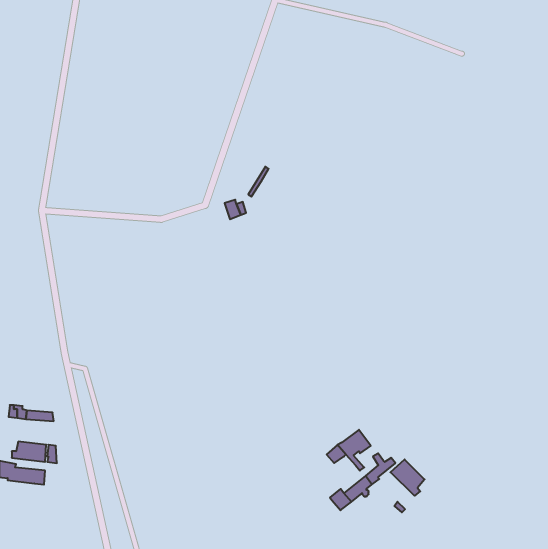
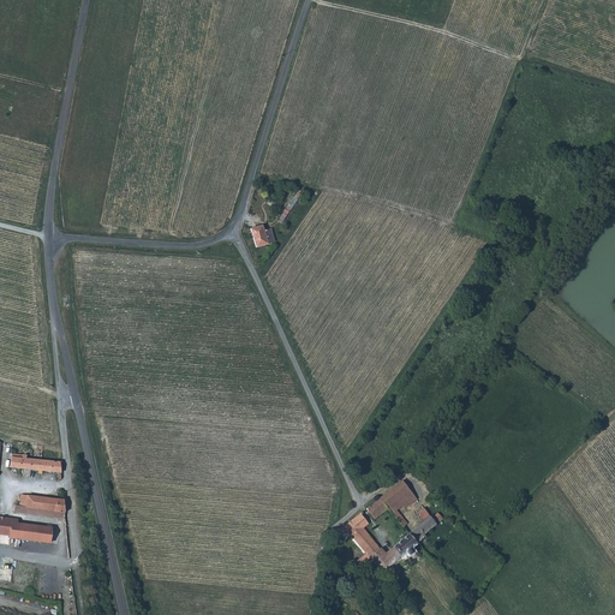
building: none -> [342,513,381,556]
building: [390,459,425,496] -> none

